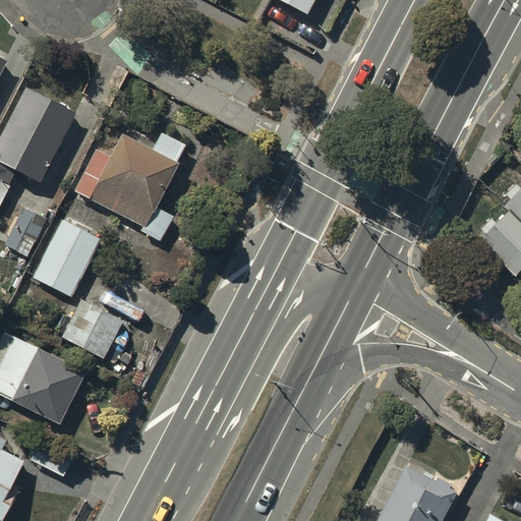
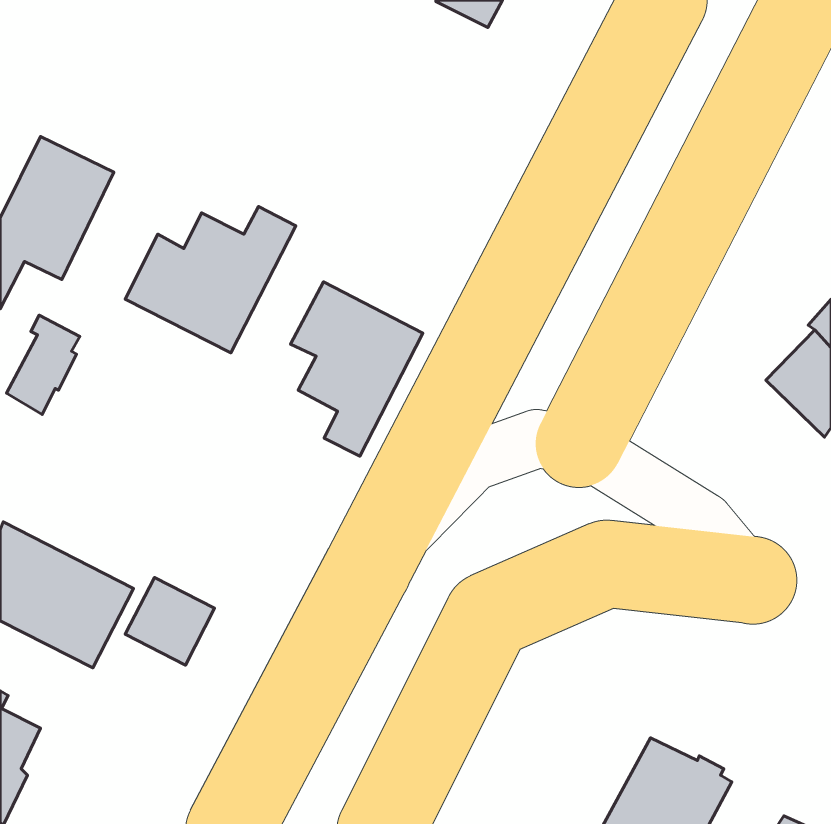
building: none -> [291,282,423,456]
building: [31,221,99,298] -> none
building: [65,300,121,355] -> [125,577,215,665]

